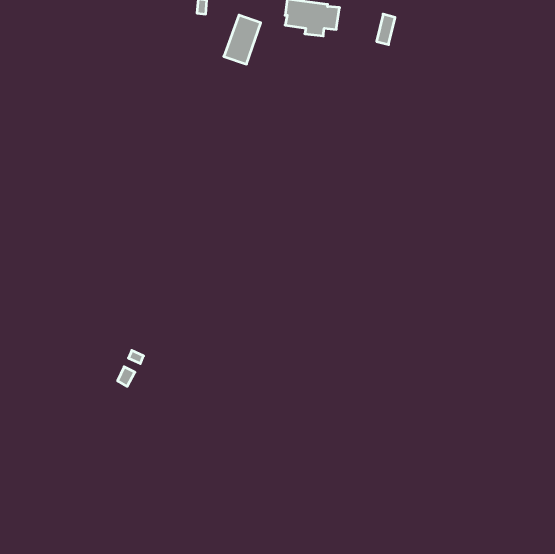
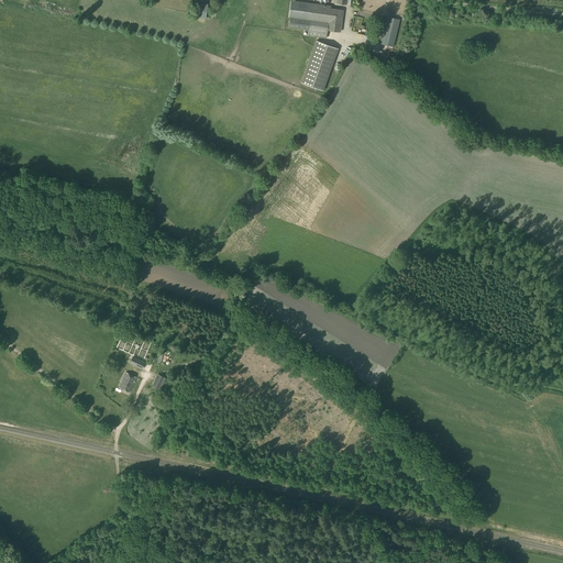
building: [224,15,261,64] -> [301,38,339,88]

